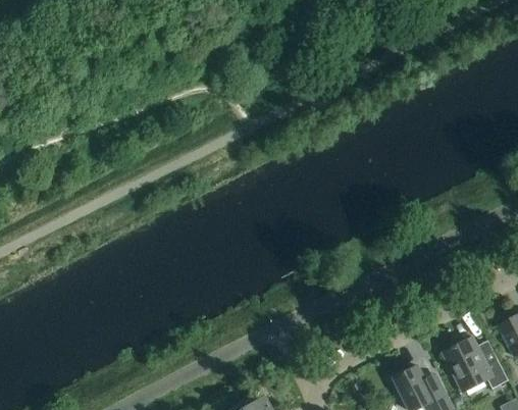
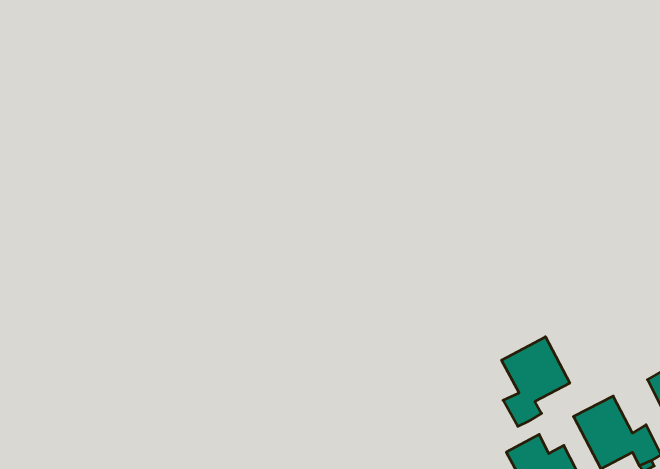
building: none -> [502,337,570,426]

